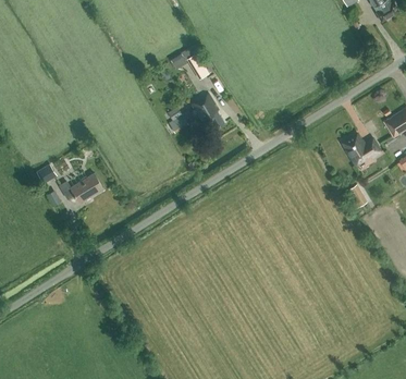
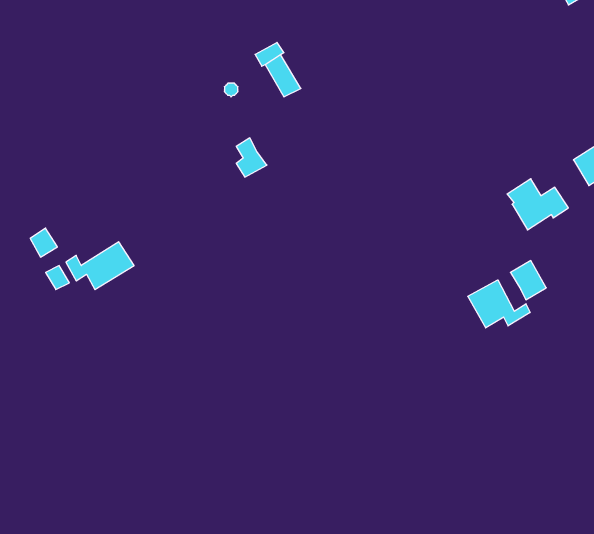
building: [192,93,224,127] -> none
building: none -> [468,280,530,328]

